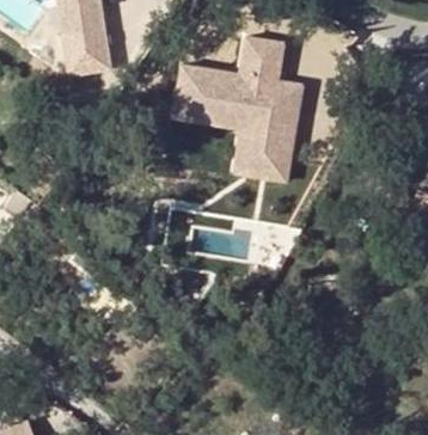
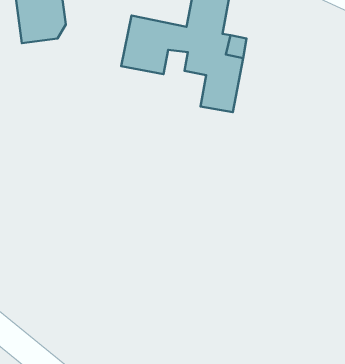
building: [224,115,285,177] -> none

